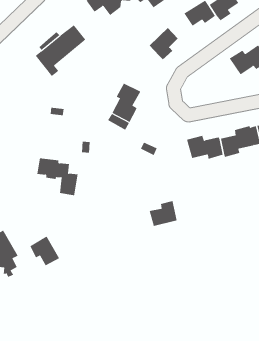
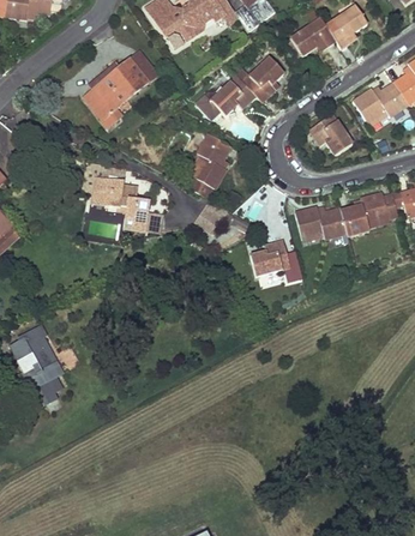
building: none -> [210,76,255,115]
building: none -> [309,113,351,153]
building: [37,158,78,196] -> [92,177,150,230]
building: [149,201,177,227] -> [249,240,289,276]
building: [29,236,60,266] -> none

